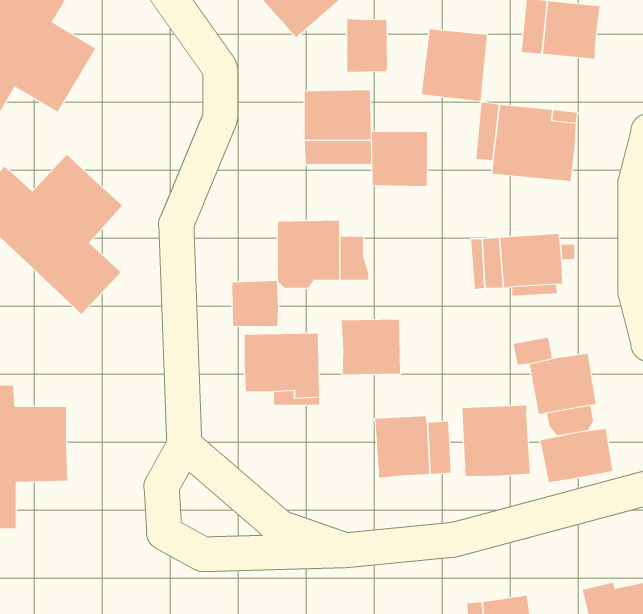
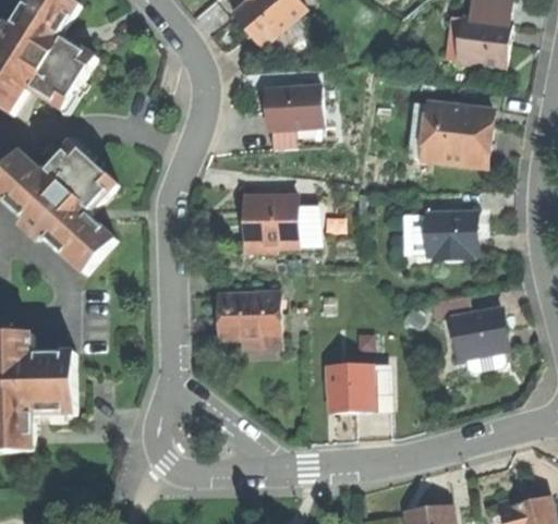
building: [347,19,387,72] -> none
building: [421,29,487,102] -> none
building: [372,131,428,187] -> none
building: [232,280,279,327] -> none
building: [341,319,400,375] -> none
building: [462,405,531,477] -> none
building: [540,428,613,483] -> none

